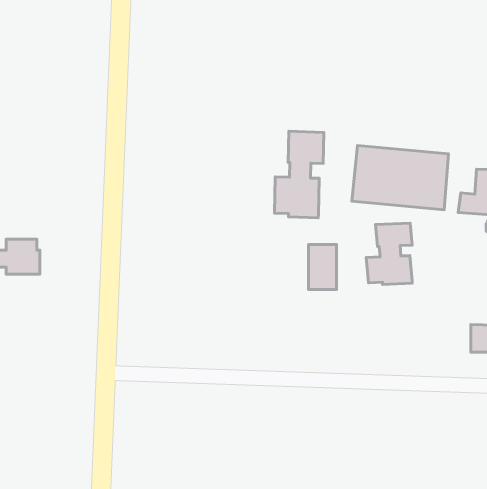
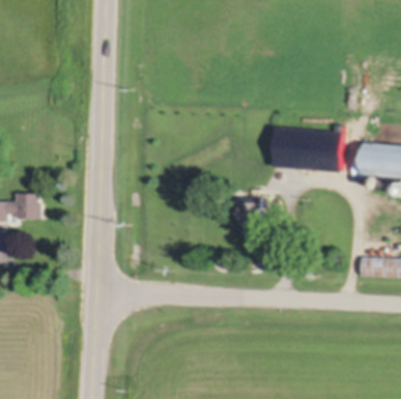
building: [274,131,324,218] -> none
building: [366,223,412,284] -> none

